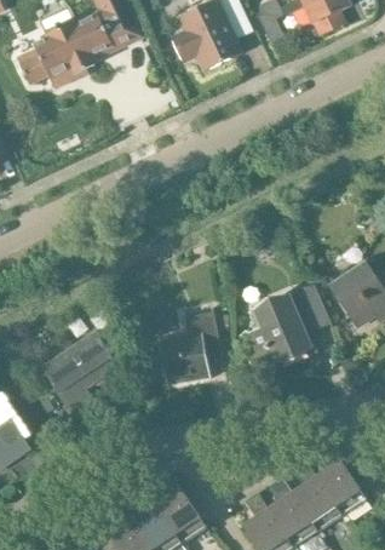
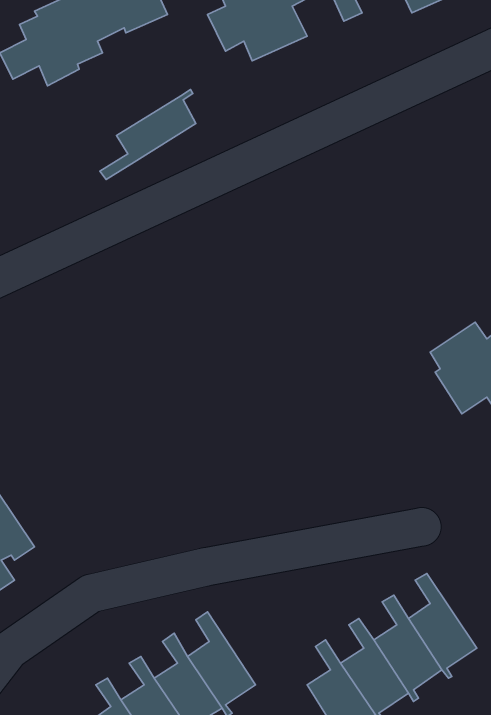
building: none -> [100,90,196,180]
building: [240,285,329,366] -> none
building: [159,311,220,380] -> none
building: [40,331,119,417] -> none

